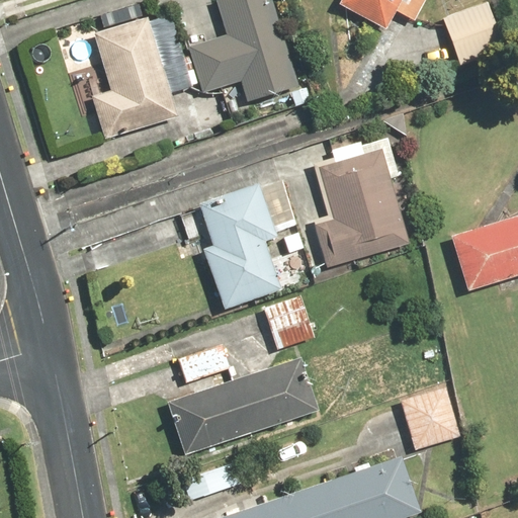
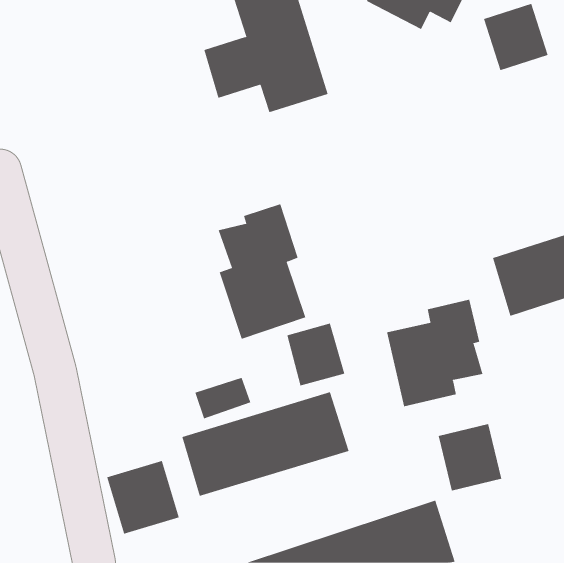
building: [91,16,193,140] -> none
building: [312,135,408,266] -> none
building: none -> [386,299,483,407]
building: none -> [107,460,180,535]

